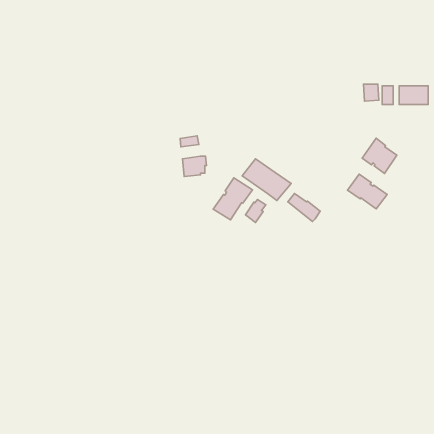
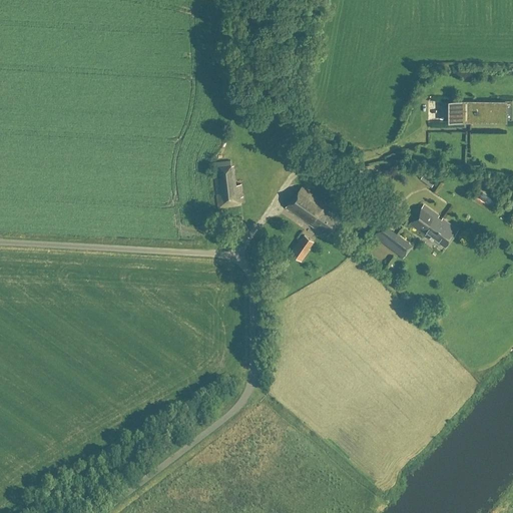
building: [362,138,397,174] -> none
building: [213,178,252,220] -> none
building: [288,193,320,221] -> [374,225,412,259]

